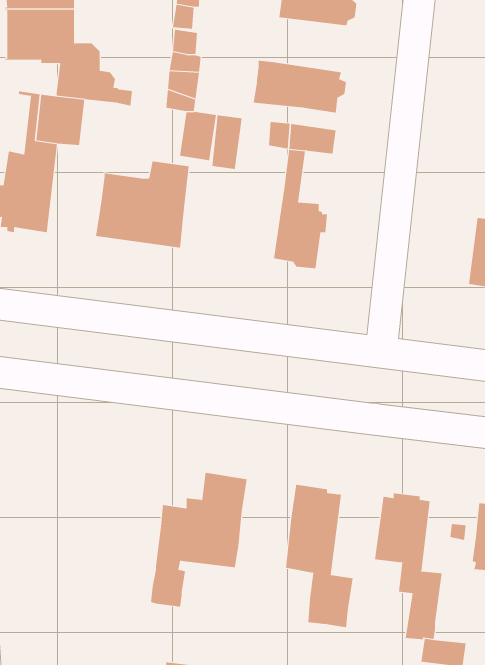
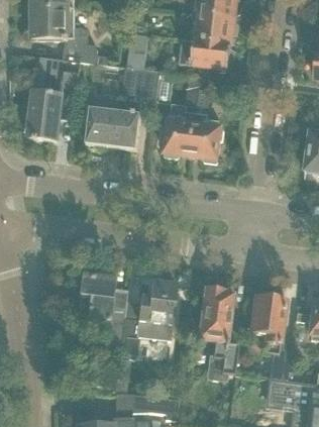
building: none -> [191,12,238,44]
building: none -> [165,105,197,156]
building: none -> [77,272,124,348]

